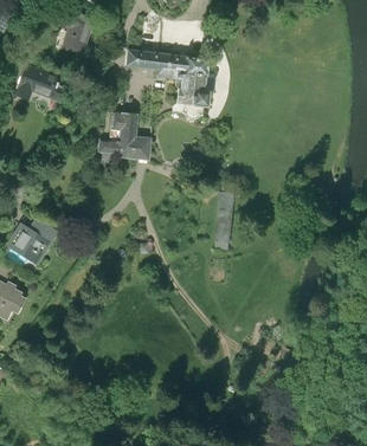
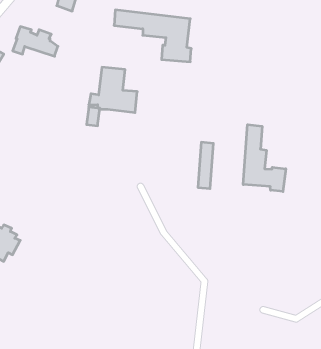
building: none -> [243,125,286,192]
building: [8,218,57,256] -> none

